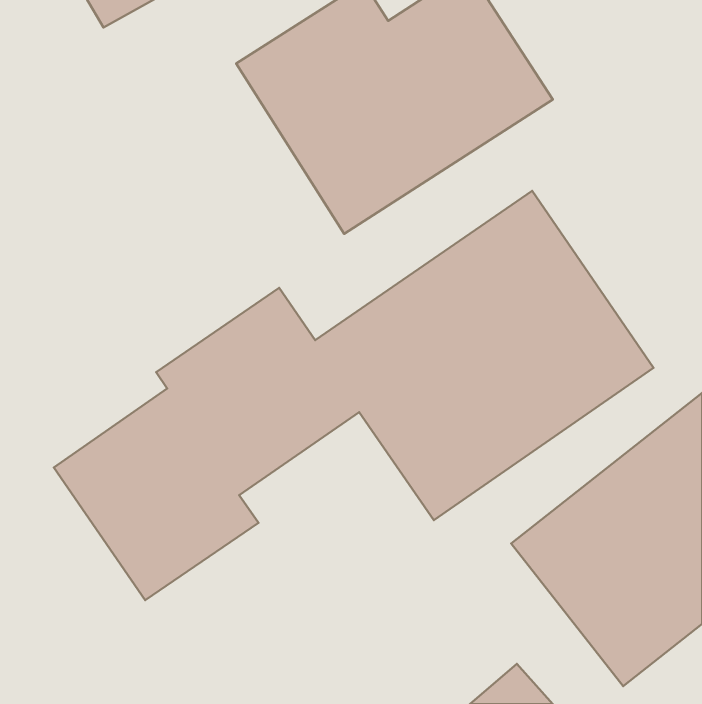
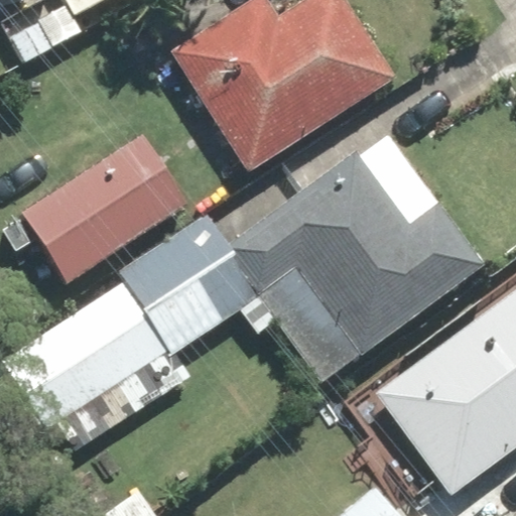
building: none -> [12,126,186,287]

